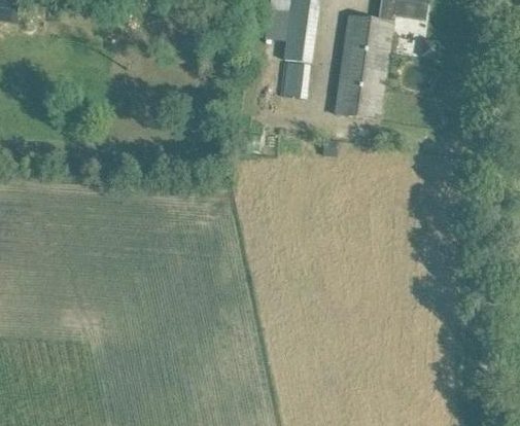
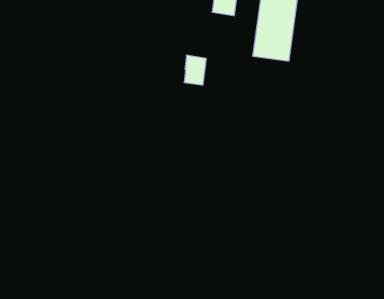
building: [282,60,310,97] -> [184,55,206,85]

